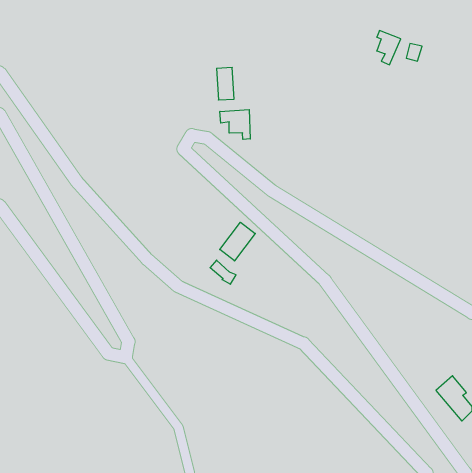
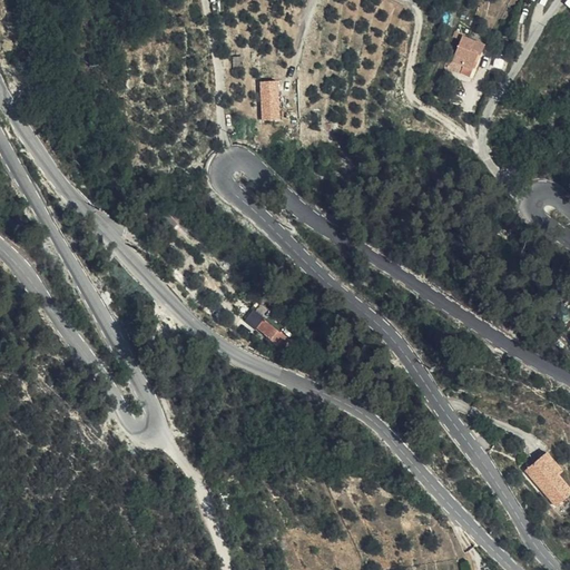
building: [220,110,250,139] -> none
building: [220,222,255,261] -> none

